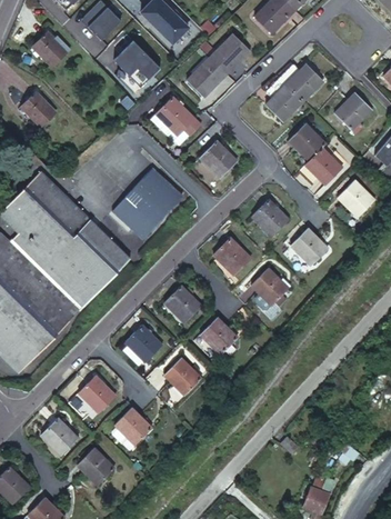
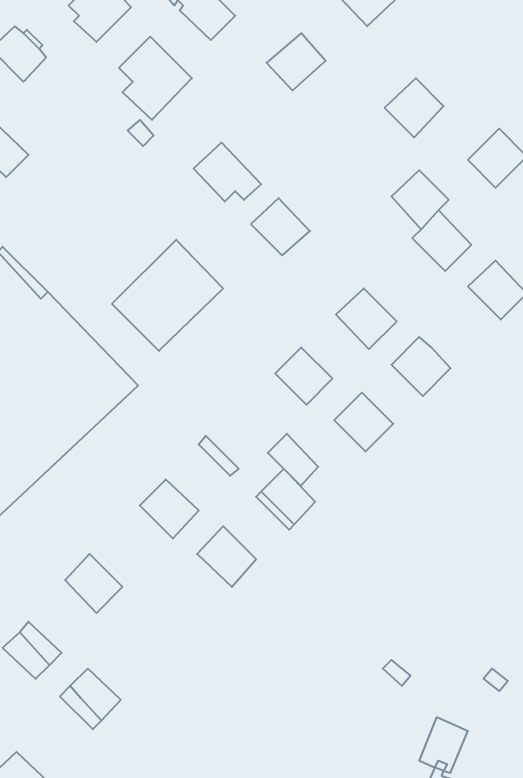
building: [188,57,224,93] -> none
building: [262,86,302,126] -> none
building: [169,283,201,317] -> [268,434,318,486]
building: [112,403,152,442] -> none

